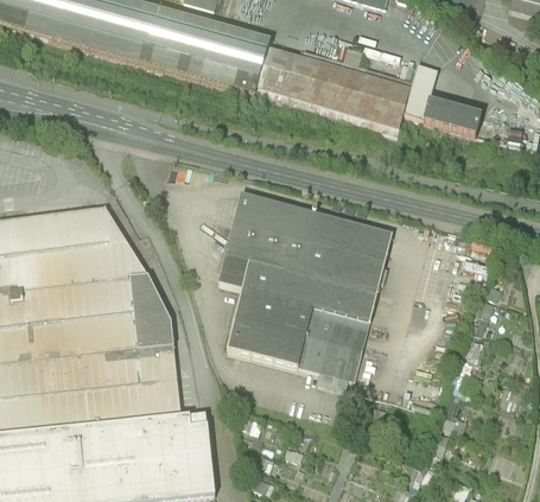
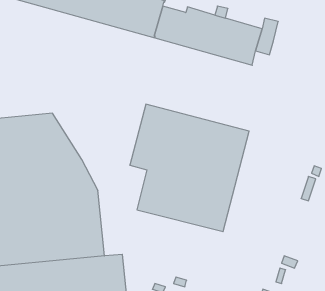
building: [421,100,478,133] -> none

